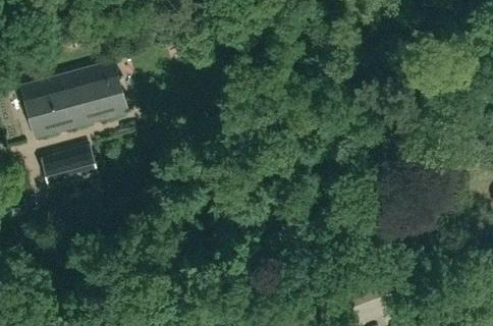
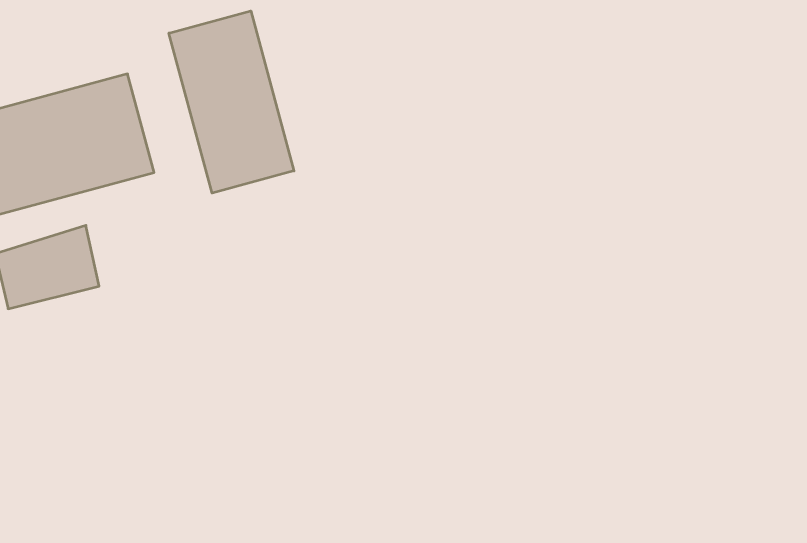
building: none -> [169,11,294,193]

